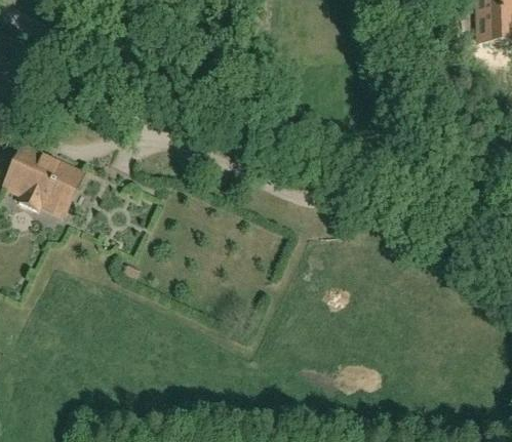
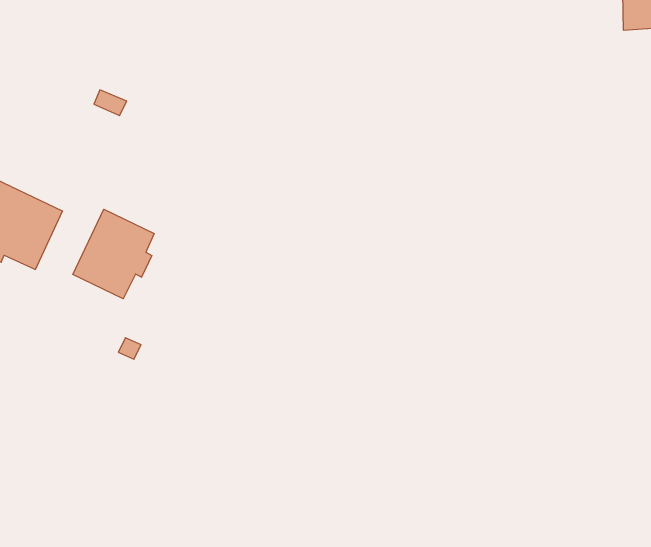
building: none -> [73,209,154,299]

